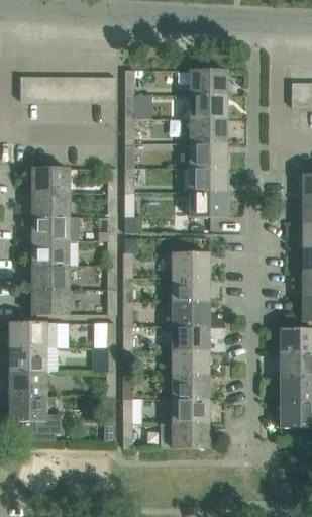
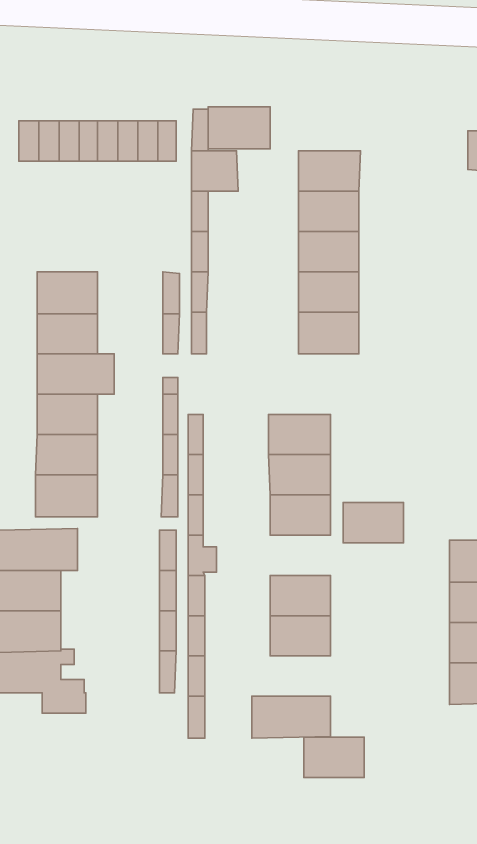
building: [190,69,227,94] -> [208,107,270,149]
building: [173,325,209,349] -> [343,503,404,543]
building: [173,398,209,422] -> [304,737,364,777]

